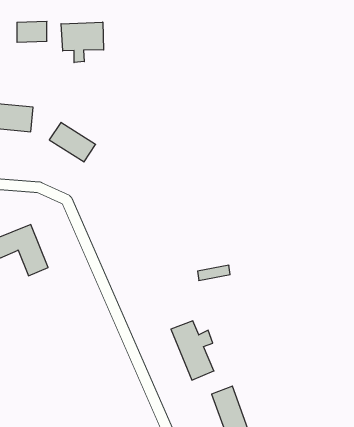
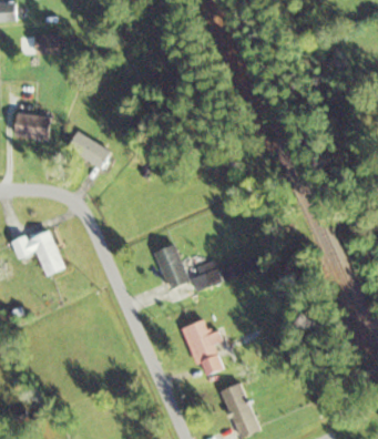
building: [61,22,104,63] -> none
building: none -> [153,243,188,289]

